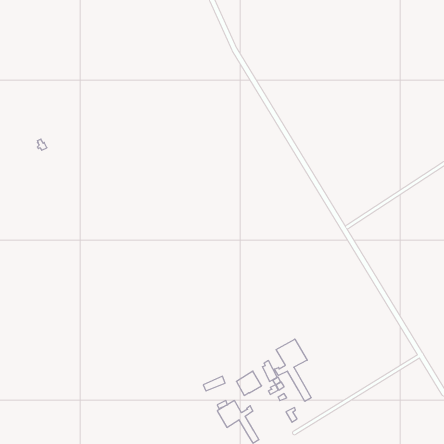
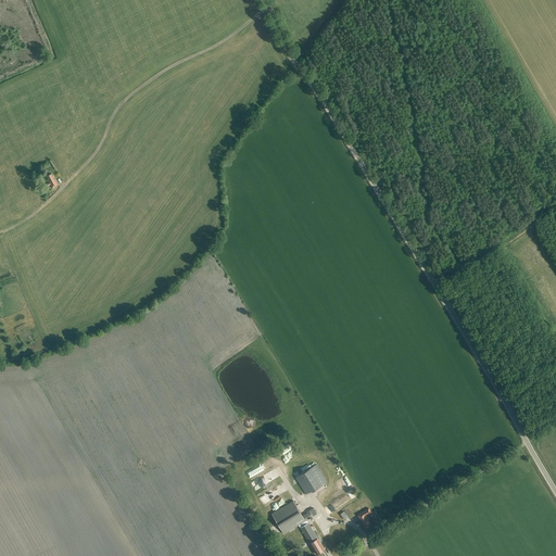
building: [274,339,311,401] -> none

